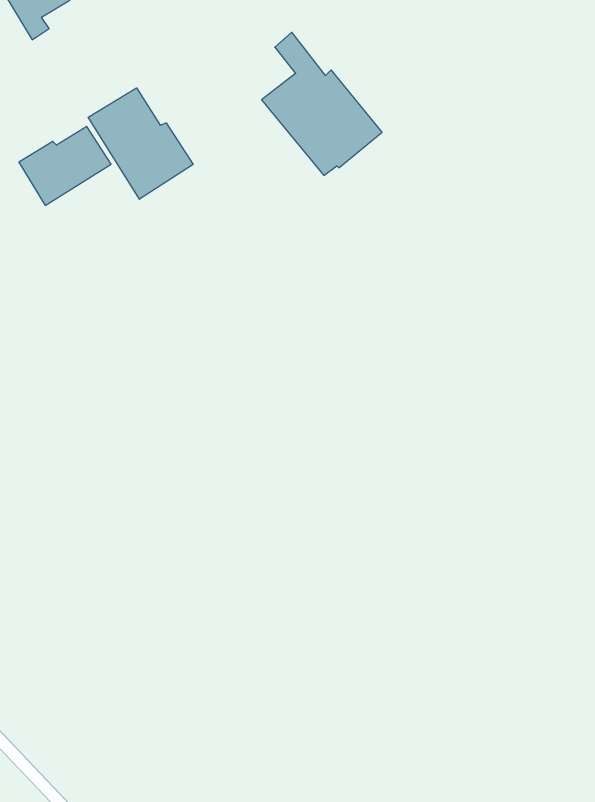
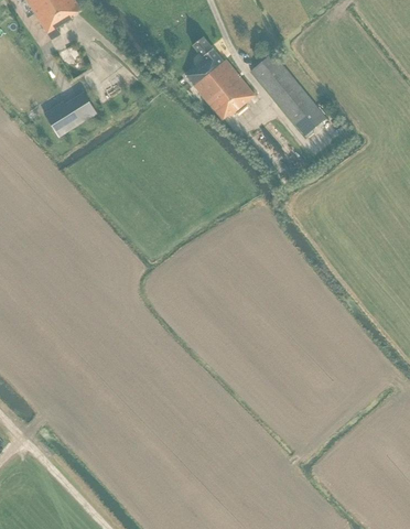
building: none -> [251,53,326,136]
building: [88,88,193,199] -> none

